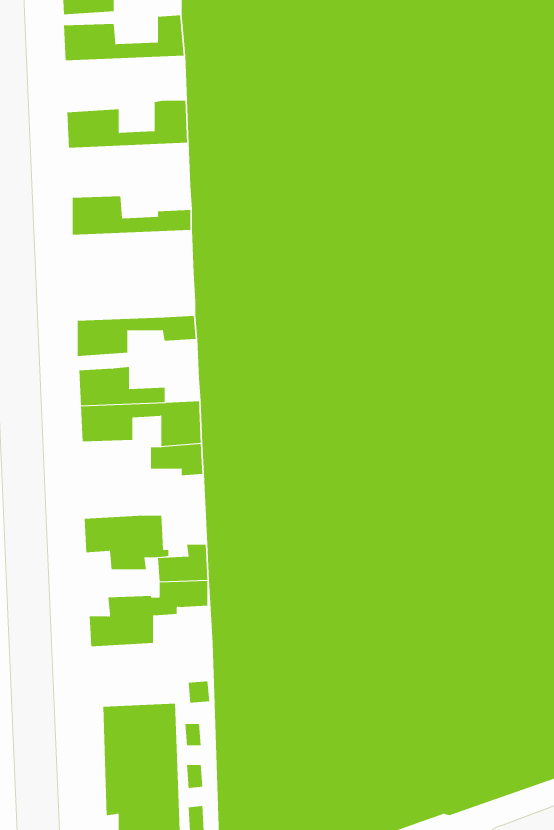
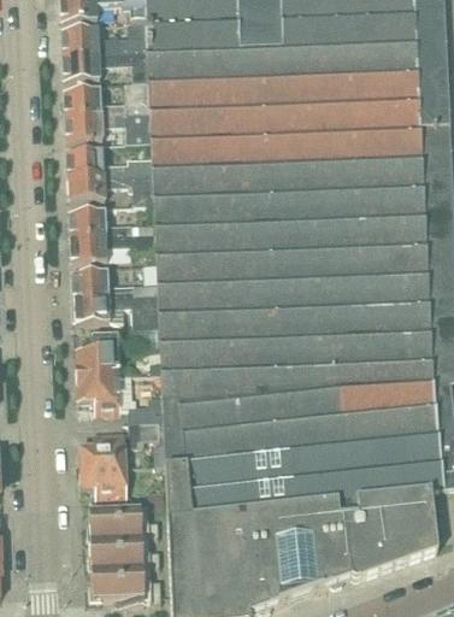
building: none -> [64,48,149,80]
building: none -> [66,110,152,141]
building: none -> [69,171,154,202]
building: none -> [71,207,134,235]
building: none -> [77,334,119,375]
building: none -> [82,463,128,498]

